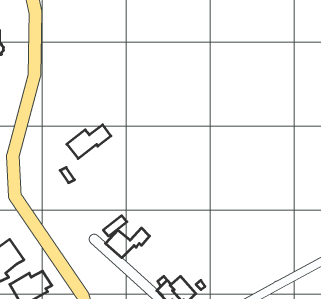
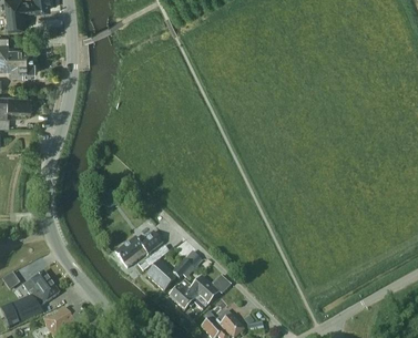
building: [67,125,111,159] -> [114,231,162,267]
building: none -> [169,276,218,310]

